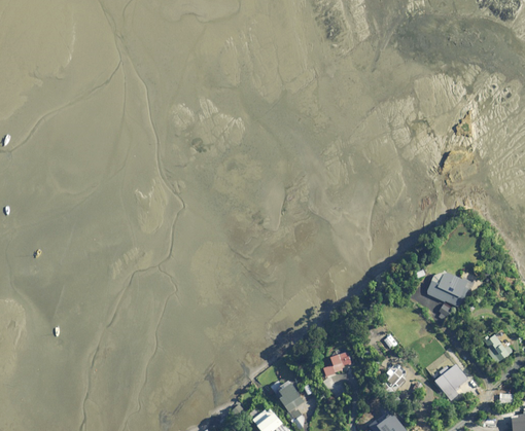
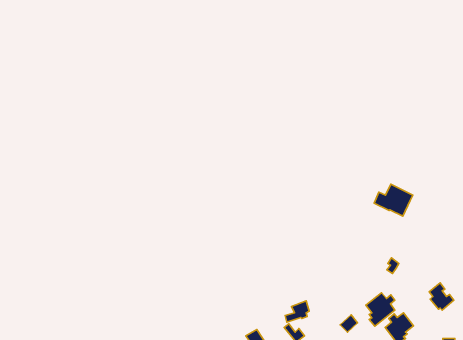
building: [427,271,470,307] -> [374,184,413,216]
building: none -> [366,293,395,326]

